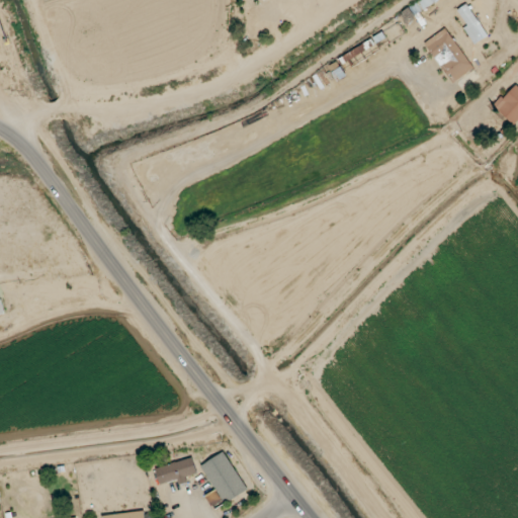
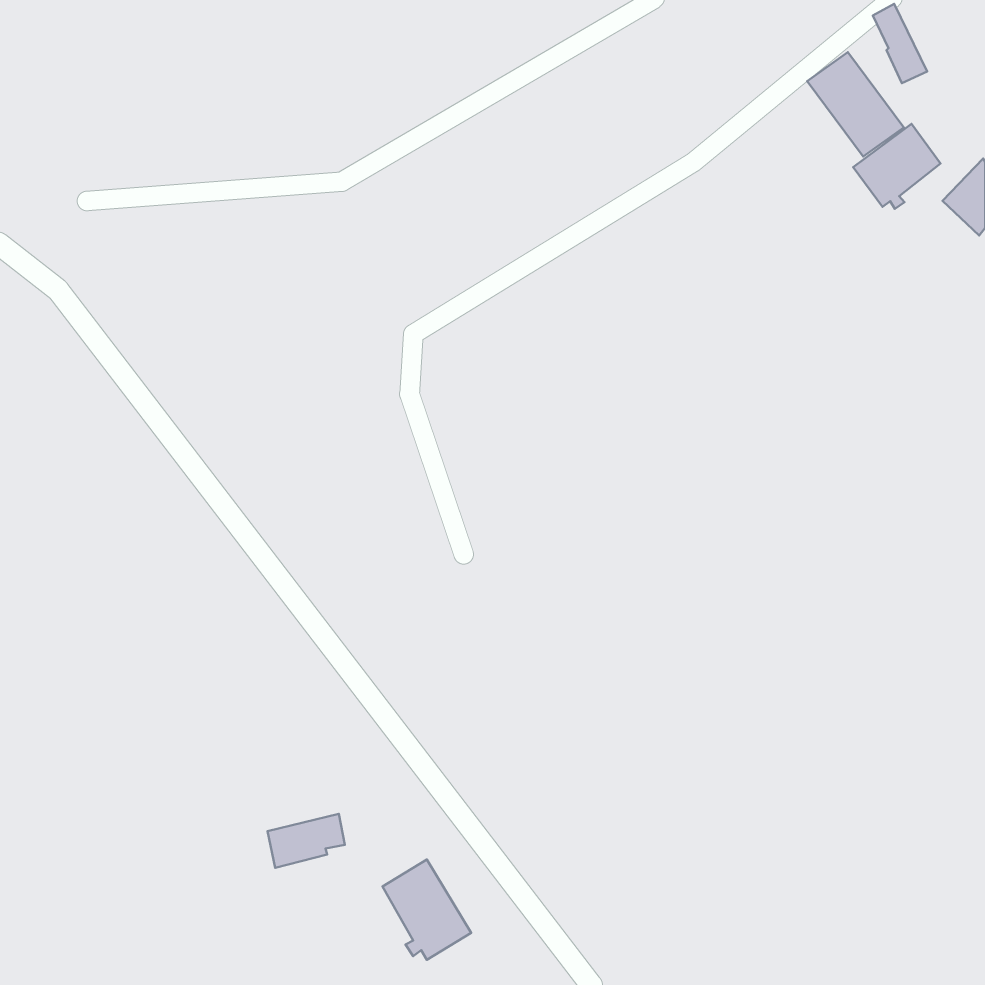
building: none -> [853,124,941,209]
building: [155,457,195,486] -> [267,814,345,868]

